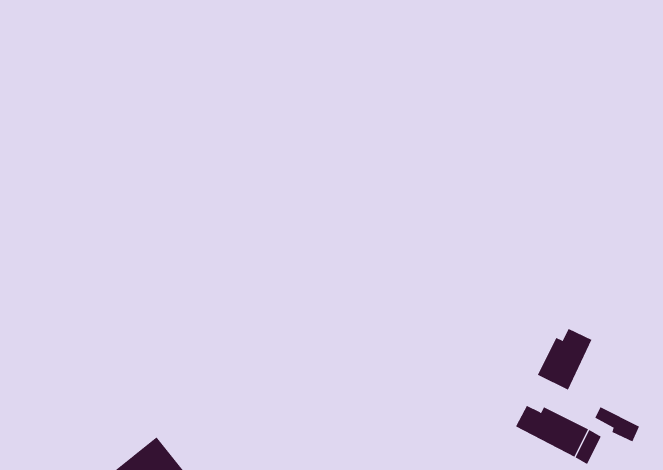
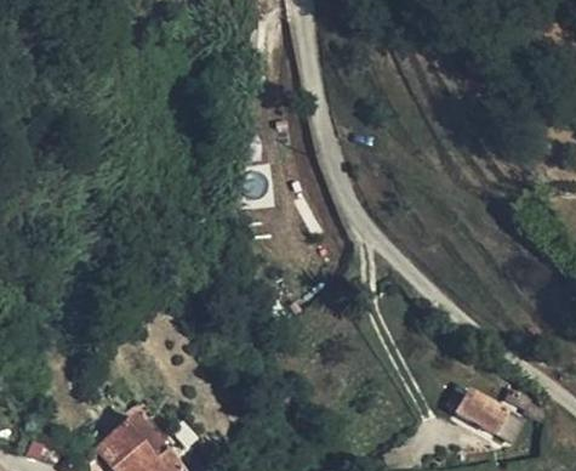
building: [537,328,592,391] -> none

